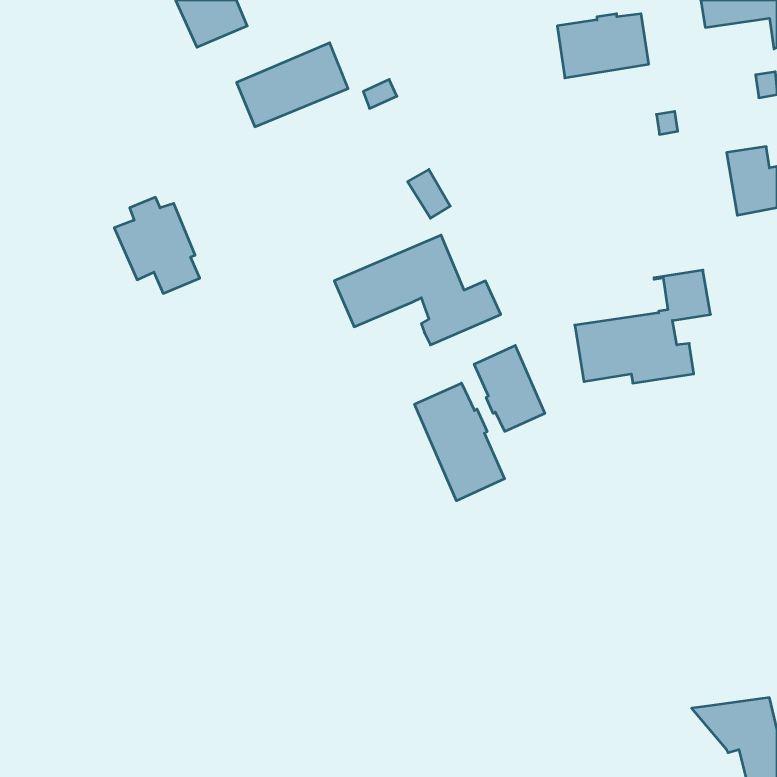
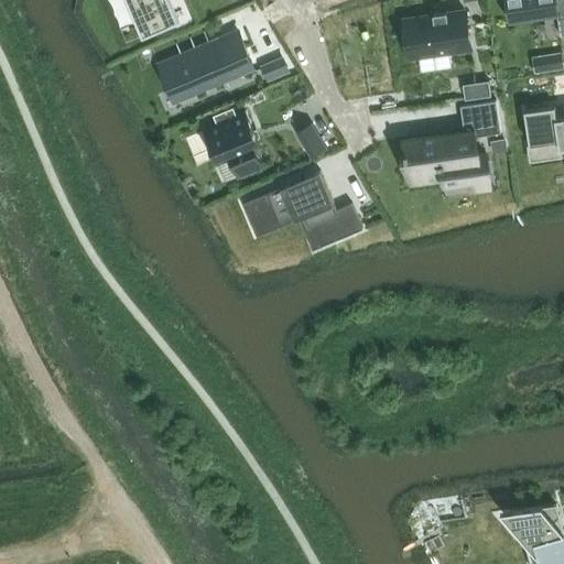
building: [114,197,200,293] -> [202,109,263,178]
building: [575,270,711,383] -> [402,101,500,183]
building: [474,345,545,431] -> none
building: [415,383,505,501] -> none

